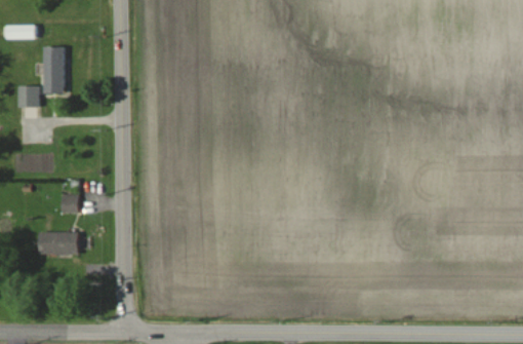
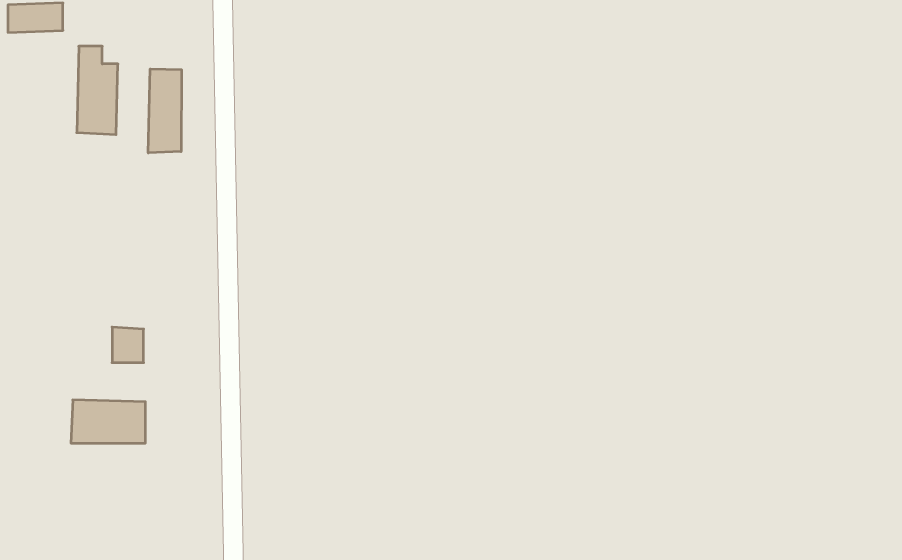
building: none -> [148,69,181,153]
building: [15,86,38,107] -> none

